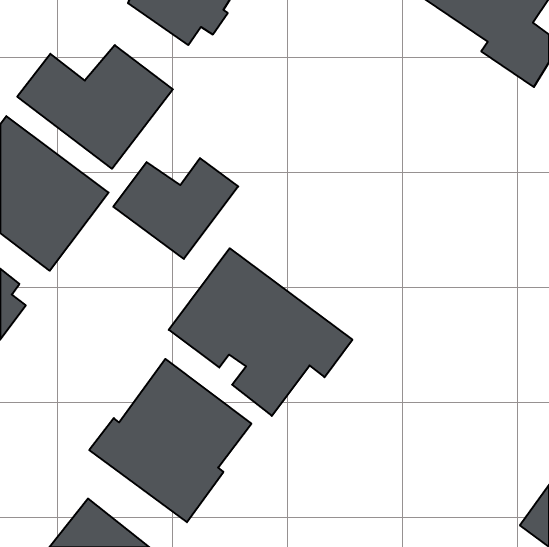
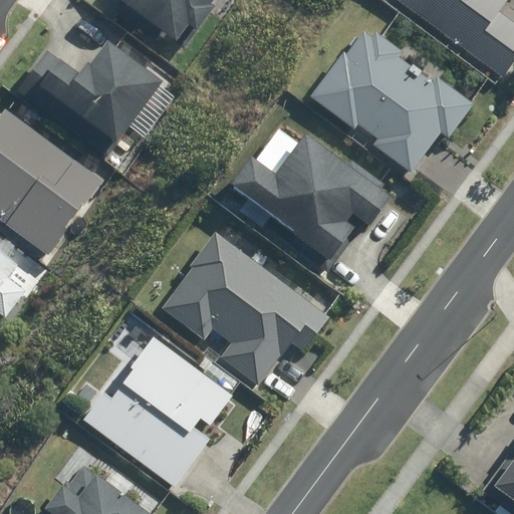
building: none -> [310,22,475,171]
building: none -> [228,135,397,262]
building: [113,158,238,259] -> none

